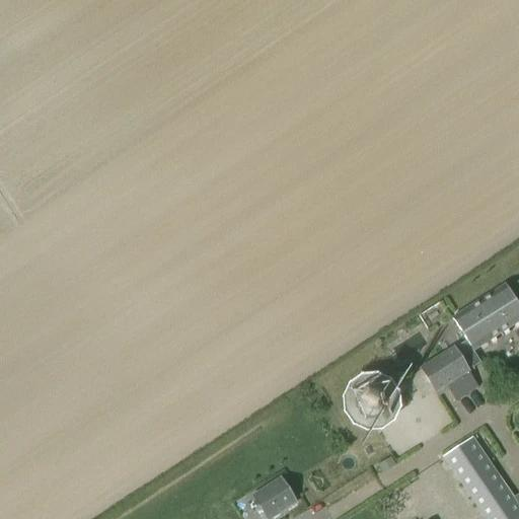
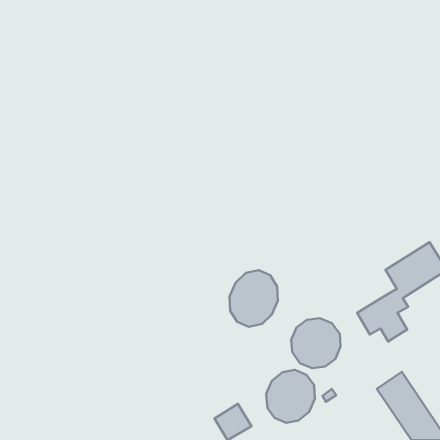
building: none -> [230,270,278,327]
building: none -> [266,370,315,423]

